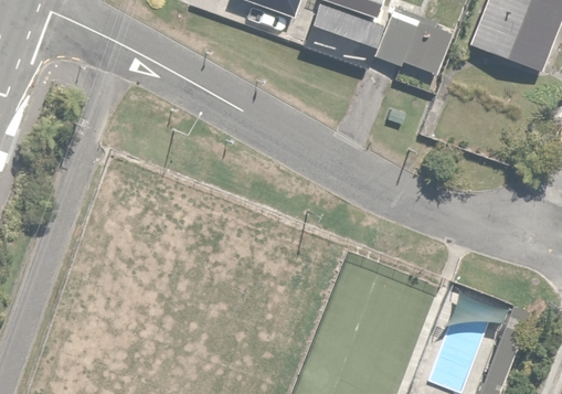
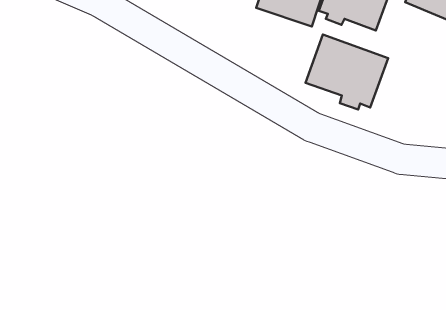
building: none -> [305,34,388,110]

